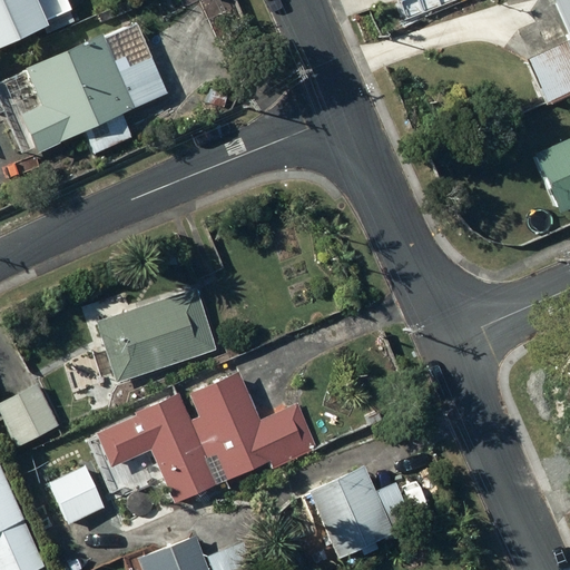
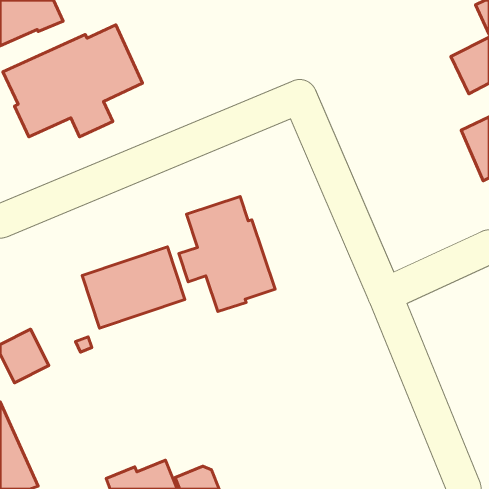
building: none -> [179,196,275,312]
building: [95,371,316,502] -> none
building: [48,465,101,522] -> none
building: [307,465,409,558] -> none

